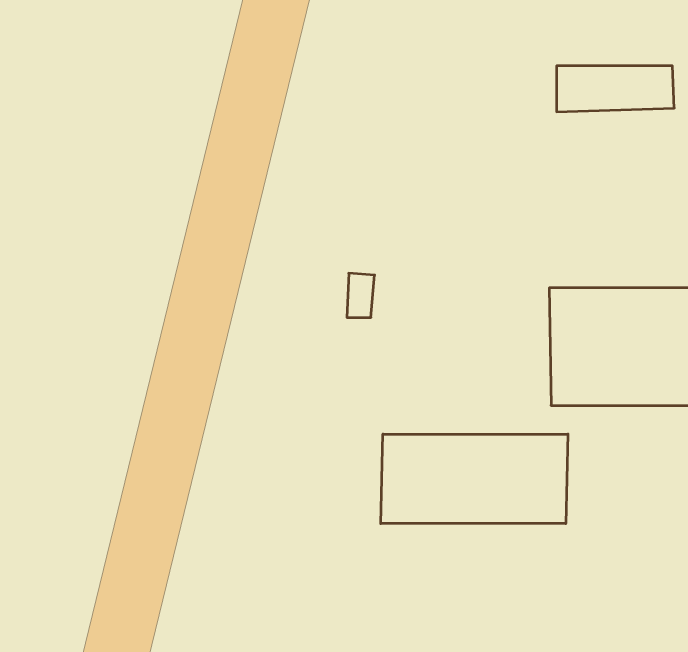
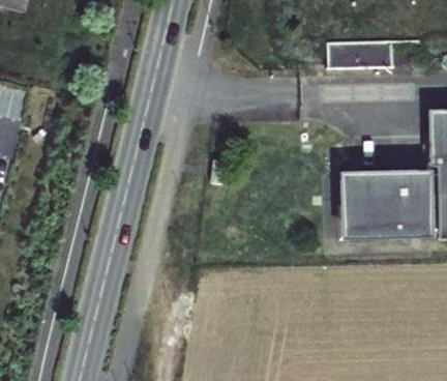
building: [381,434,568,524] -> none

